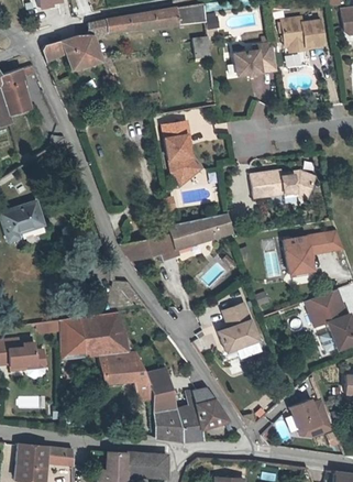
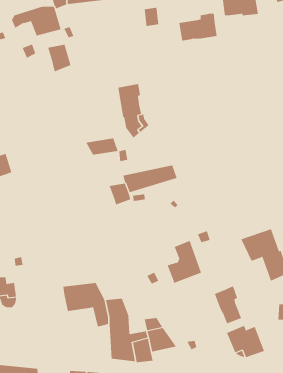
building: none -> [47,44,71,72]
building: [250,169,315,198] -> none
building: [279,230,343,277] -> none
building: [121,240,158,260] -> [86,138,119,155]
building: [60,311,136,359] -> none
building: none -> [214,286,242,324]

